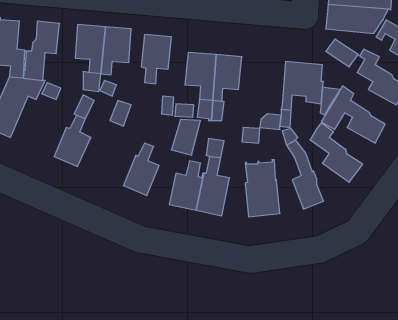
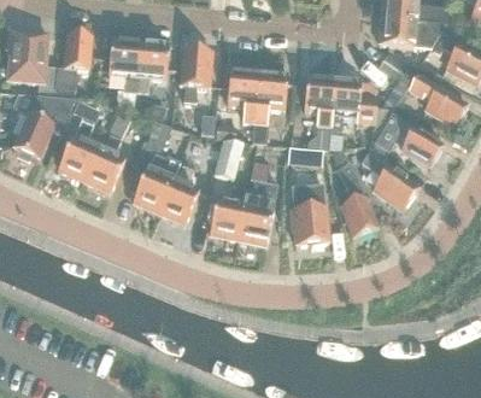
building: none -> [304,75,335,124]
building: none -> [59,122,99,180]
building: none -> [133,153,174,211]

